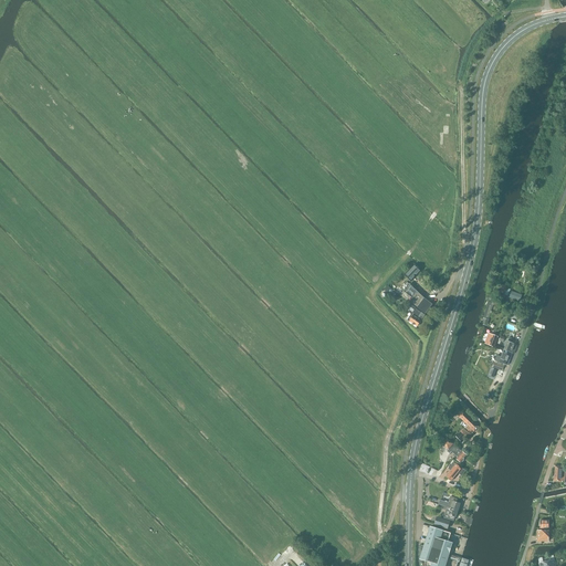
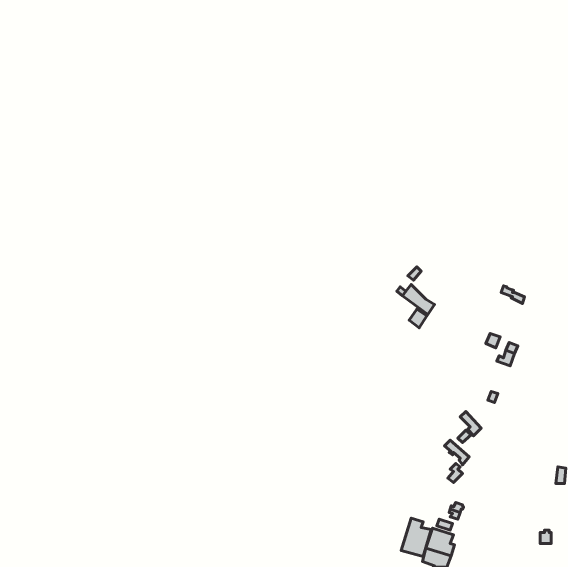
building: none -> [401,518,431,556]

